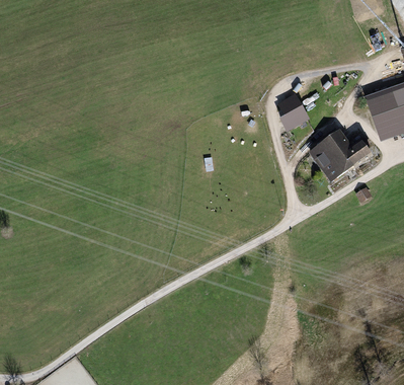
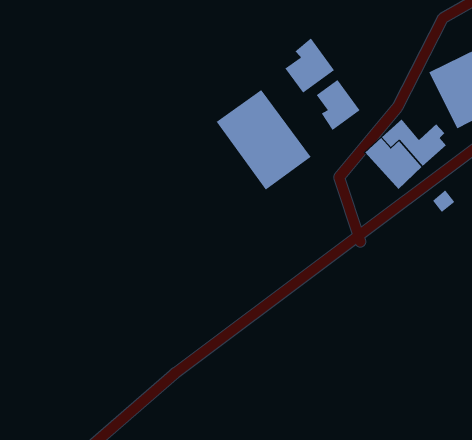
building: none -> [285,38,335,94]
building: none -> [216,89,311,191]

